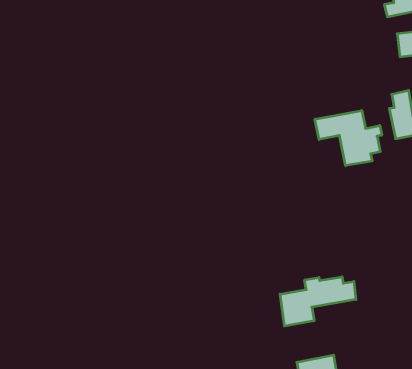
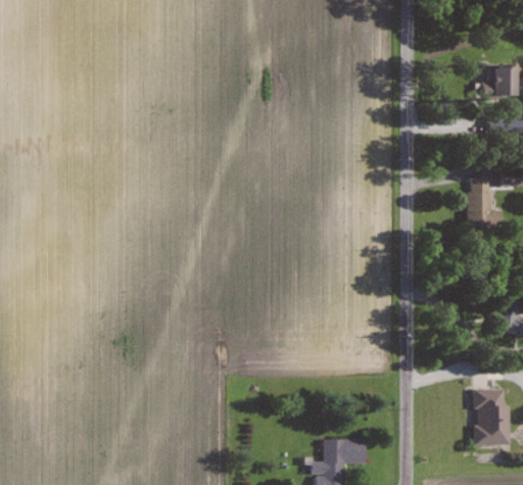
building: [315,110,382,166] -> none
building: [280,277,356,326] -> none

